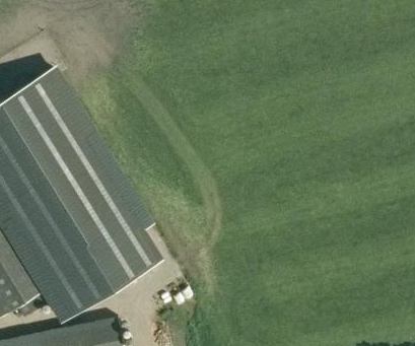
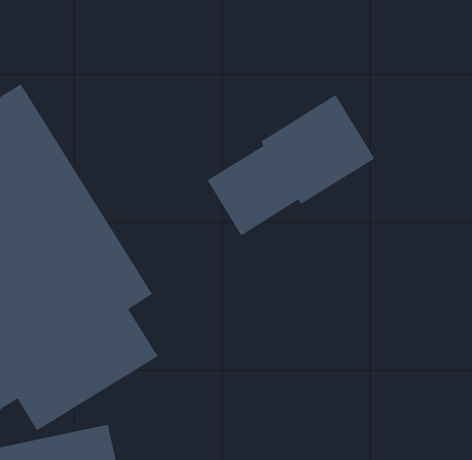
building: none -> [207,94,375,236]

